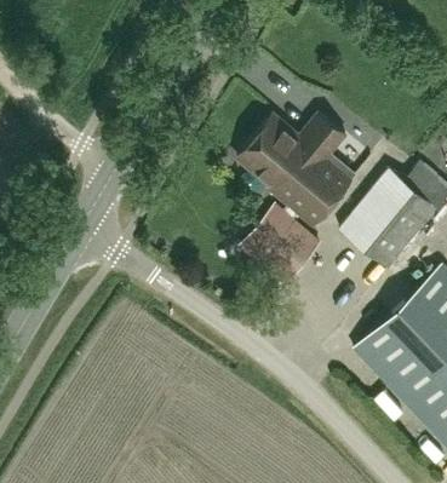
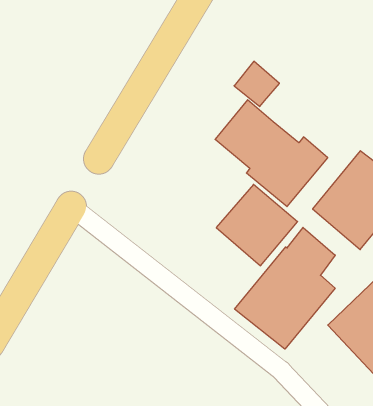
building: [298,111,345,159] -> [234,61,279,107]
building: none -> [235,227,335,349]

